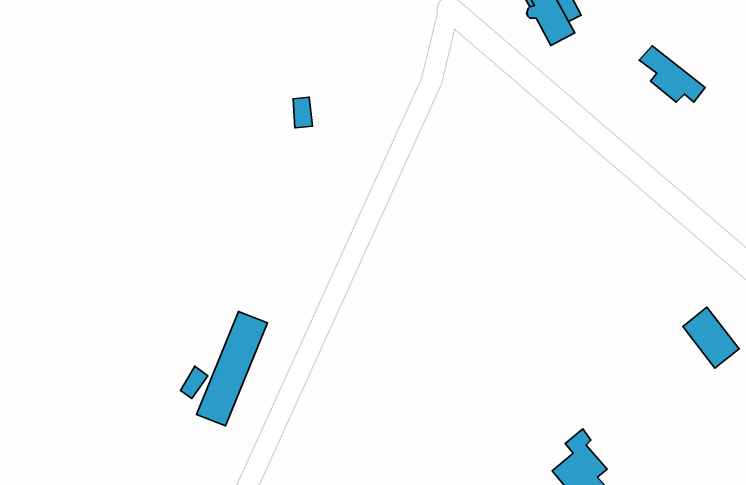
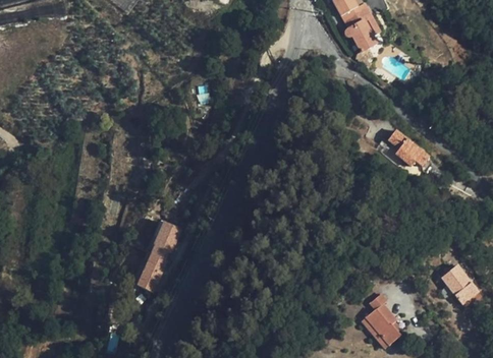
building: [639,46,705,102] -> [387,130,429,166]
building: [683,307,739,368] -> [441,265,477,304]

